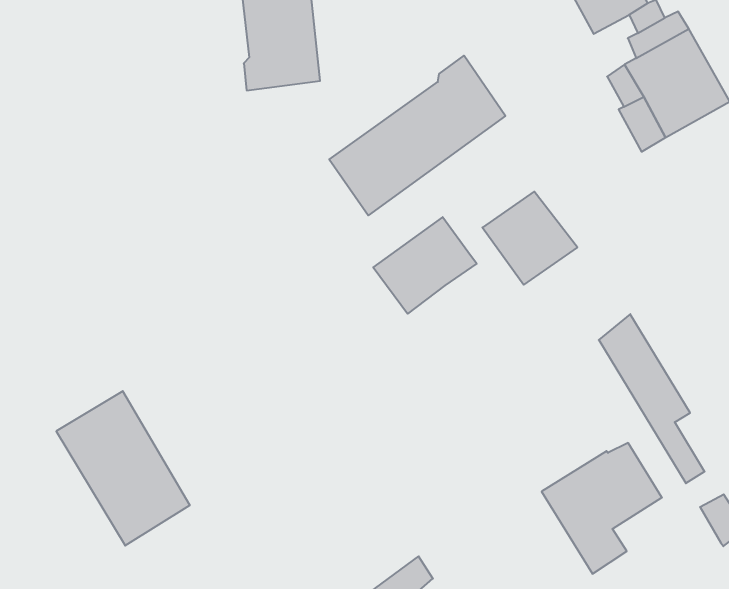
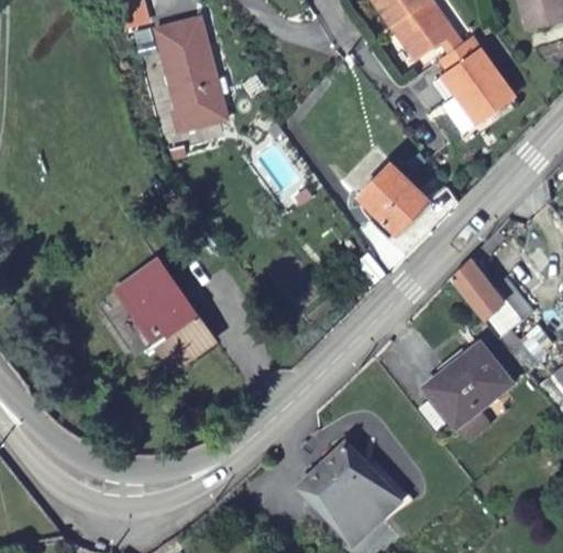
building: [329,56,505,215] -> none
building: [373,217,477,314] -> none
building: [56,391,190,546] -> [114,265,214,373]

